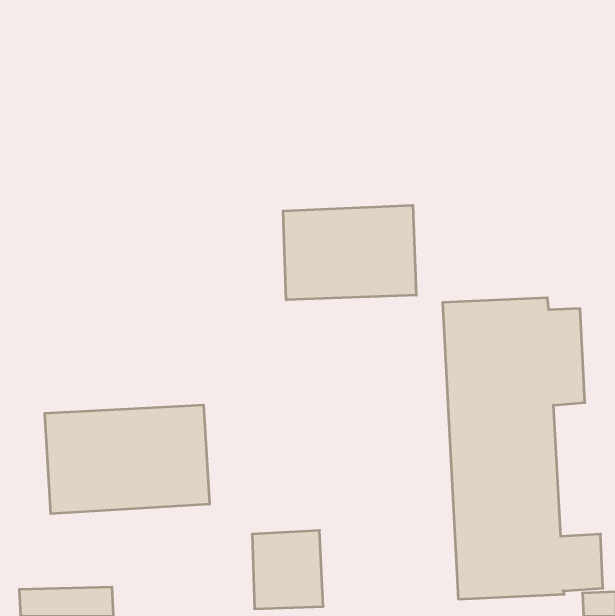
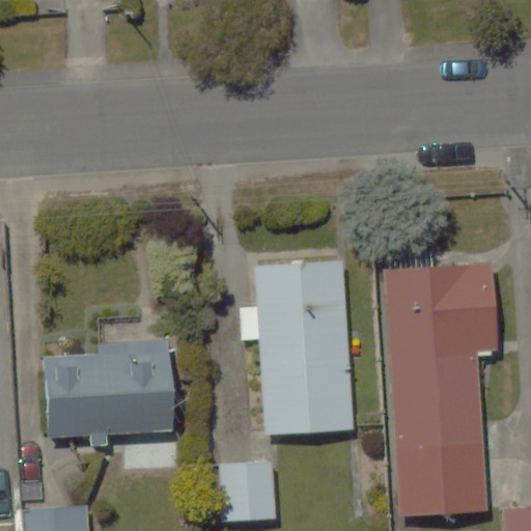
building: [283,205,416,300] -> none
building: none -> [239,259,350,435]

